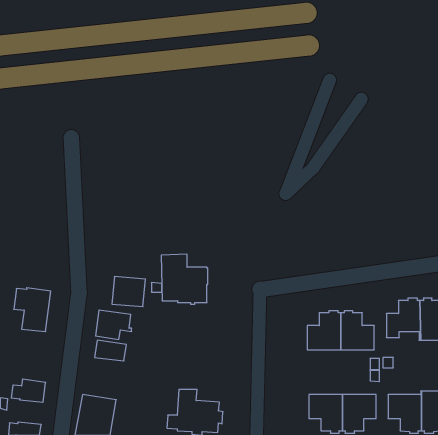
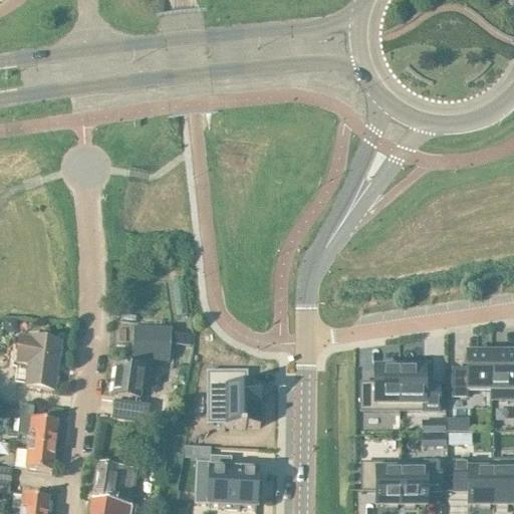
building: [161,254,208,304] -> [207,367,261,426]
building: none -> [18,404,58,446]

